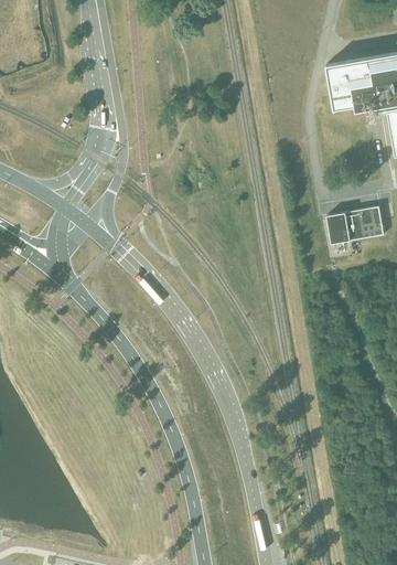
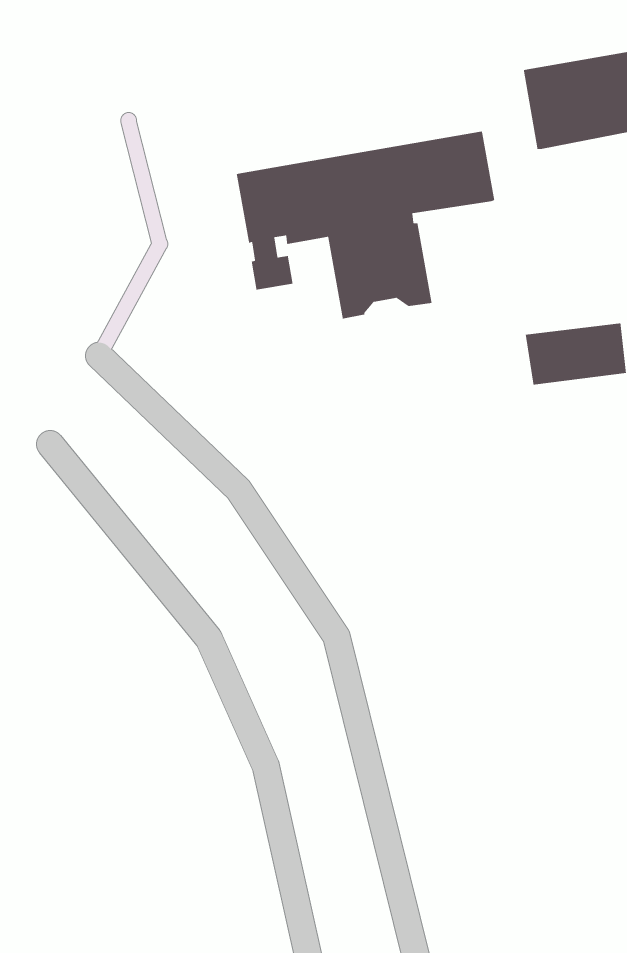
building: none -> [236,130,495,320]

